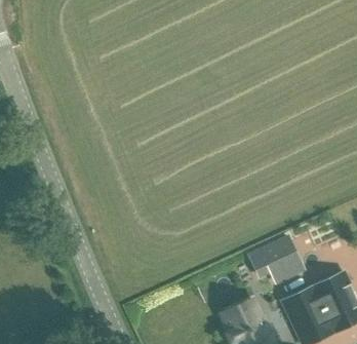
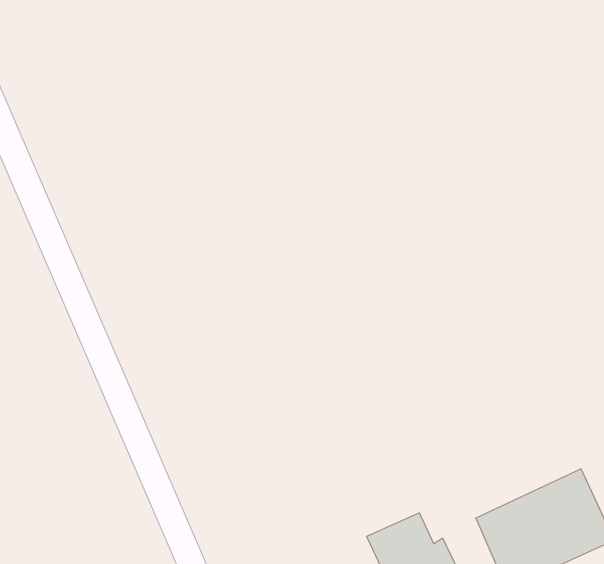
building: [249,239,299,278] -> none

